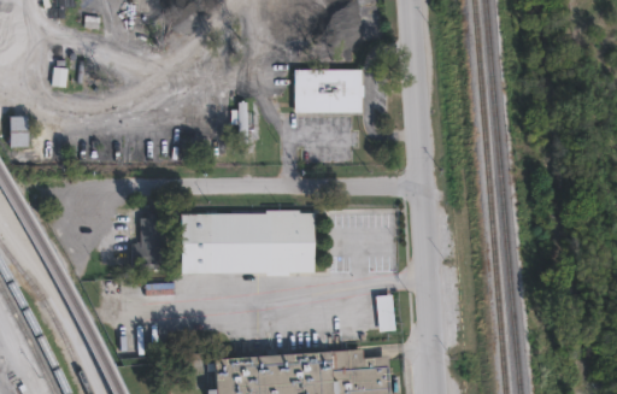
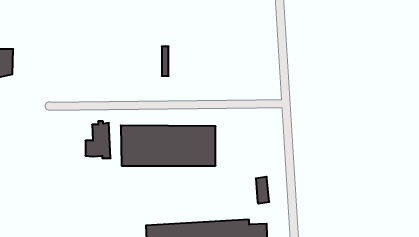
building: [295,64,365,107] -> none

